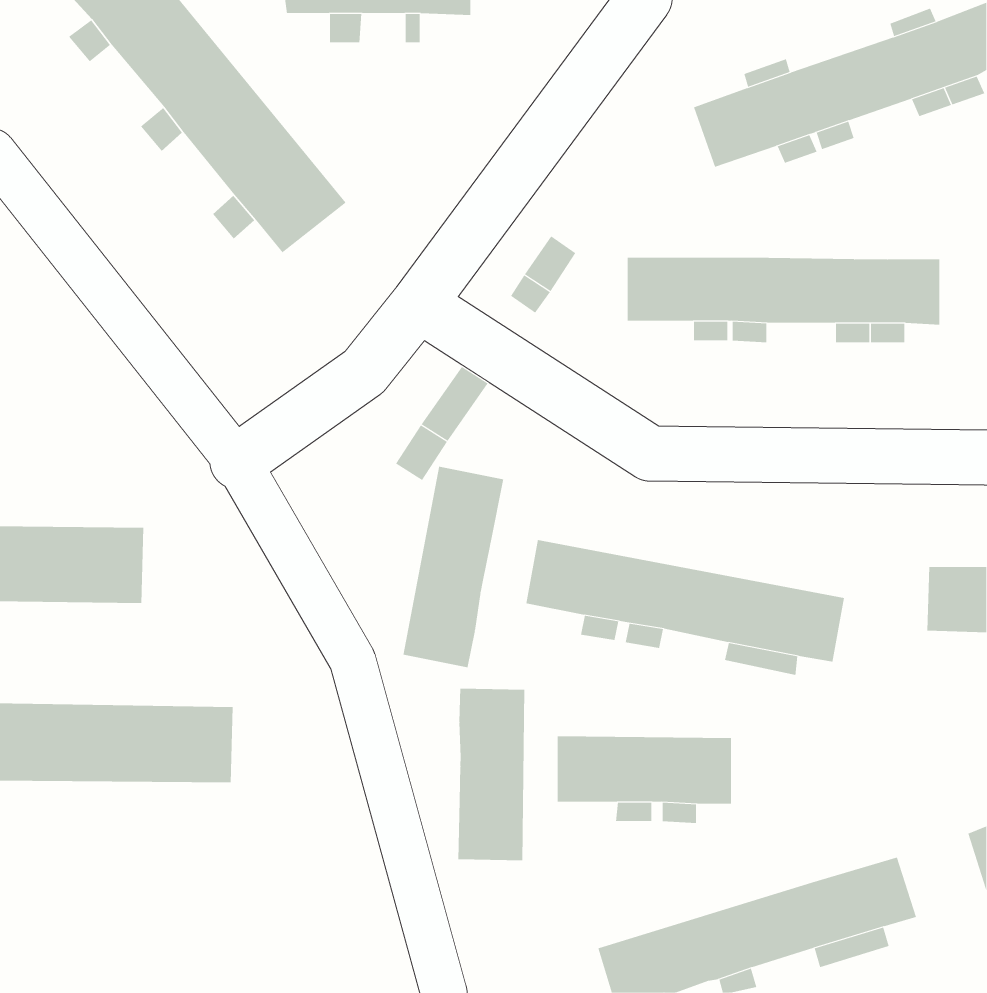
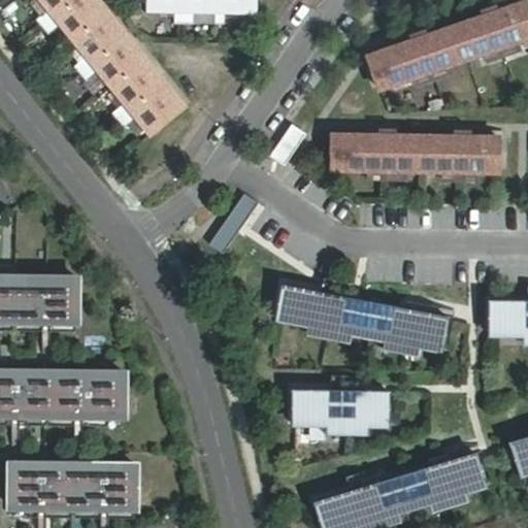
building: [403,466,504,668] -> none
building: [458,688,525,861] -> none
building: none -> [6,465,135,507]

